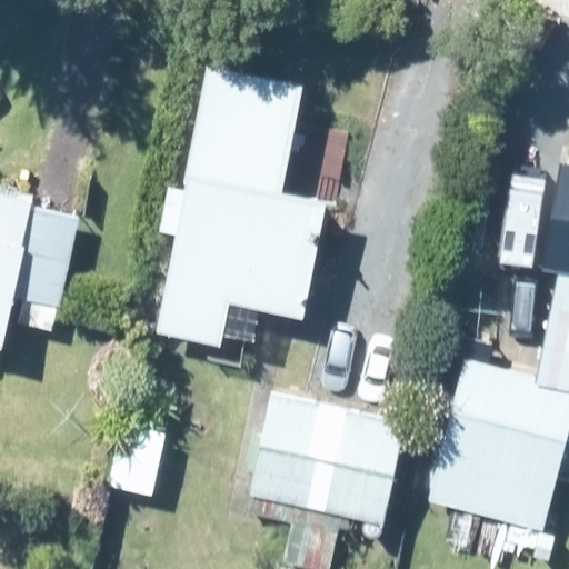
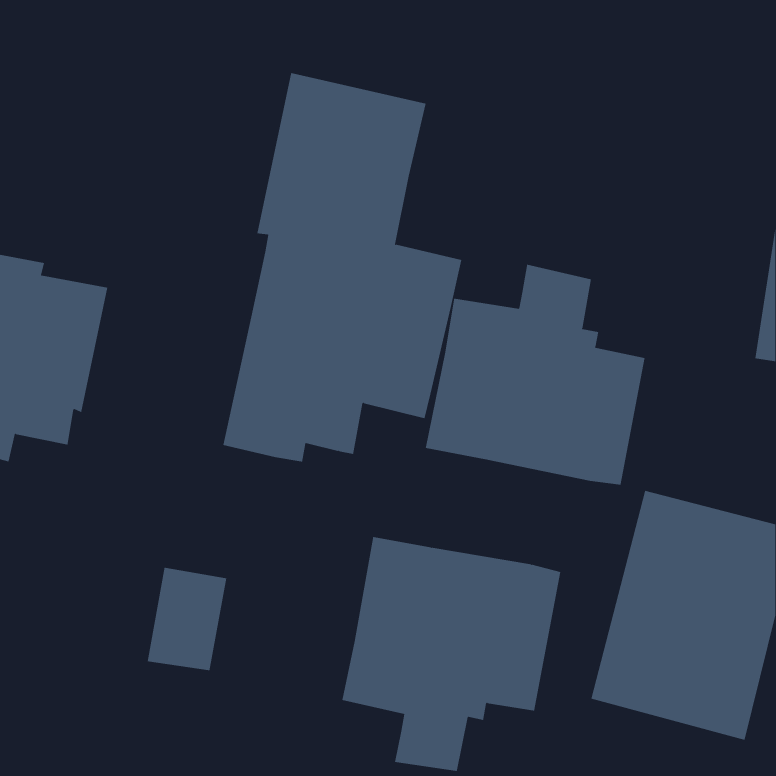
building: none -> [425,264,645,485]

